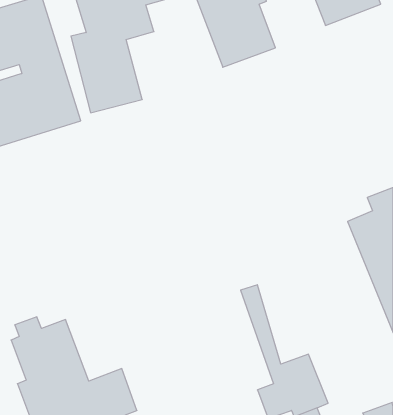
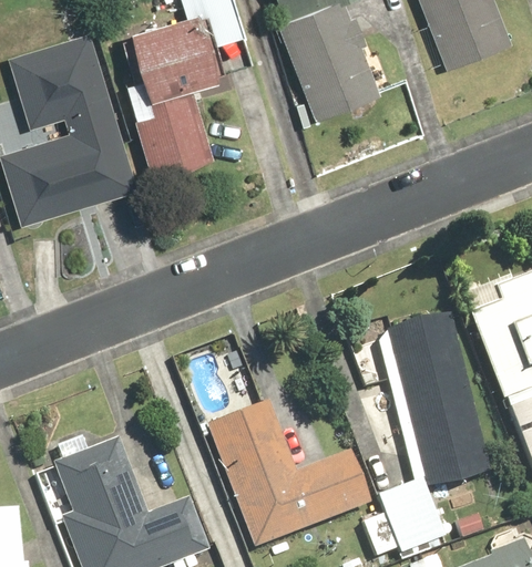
building: none -> [349,311,491,486]
building: none -> [207,403,374,549]

